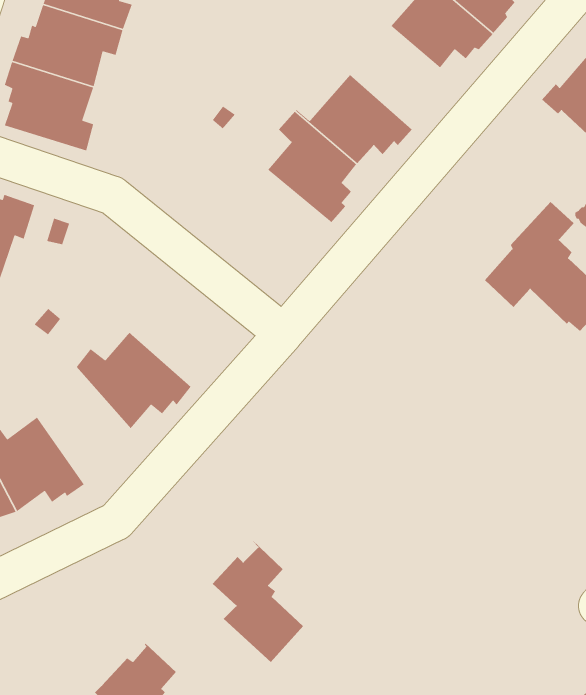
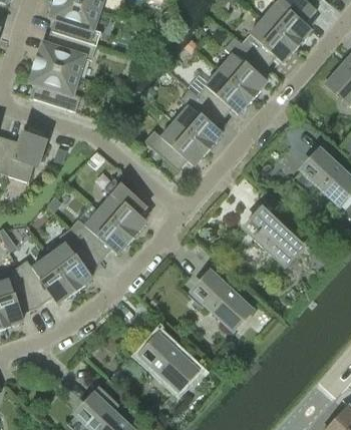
building: none -> [220,36,269,98]
building: none -> [144,120,210,169]
building: none -> [99,176,148,239]
building: none -> [248,204,301,265]
building: none -> [49,228,100,292]
building: none -> [197,262,250,329]

